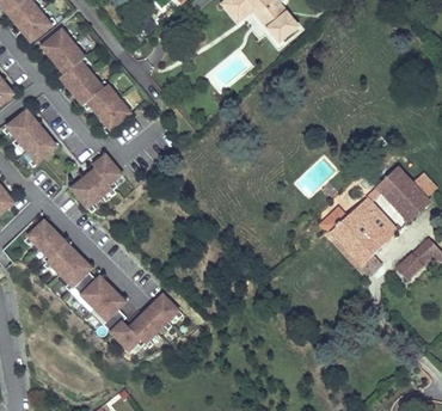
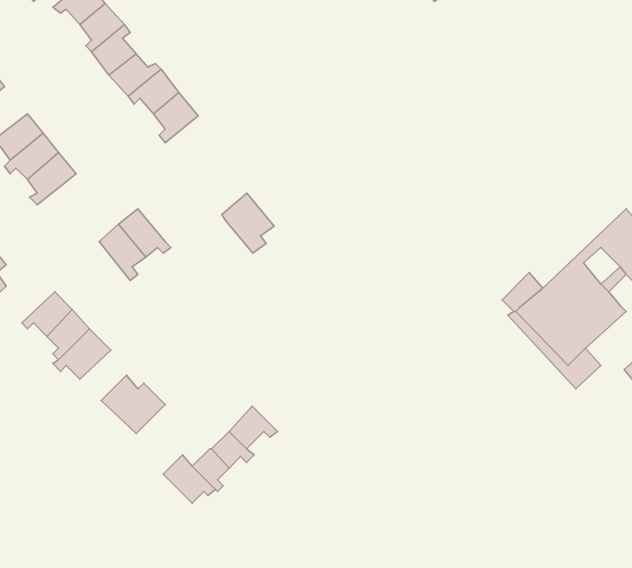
building: [93,152,125,189] -> [222,193,274,253]
building: [60,256,92,290] -> none
building: [94,289,125,332] -> none

